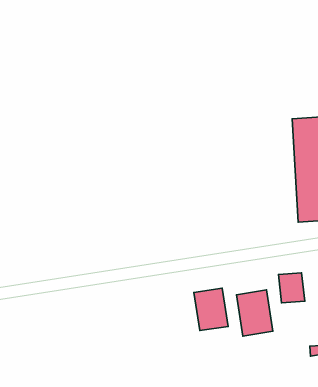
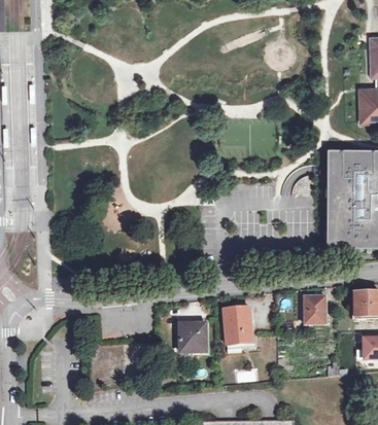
building: [236,290,273,336] -> none
building: none -> [181,323,206,352]

